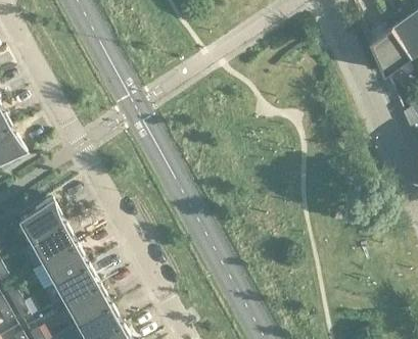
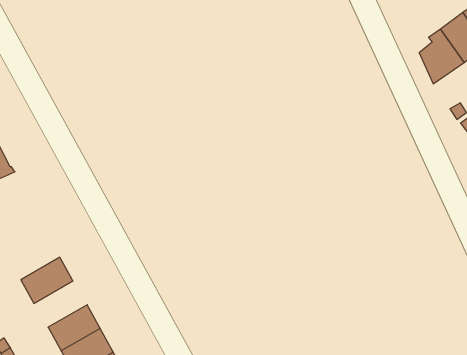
building: [18,198,64,245] -> none
building: [42,246,88,286] -> none

